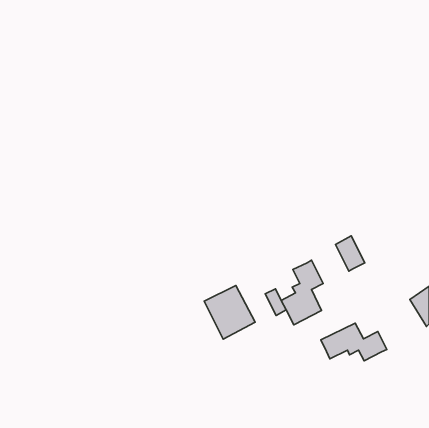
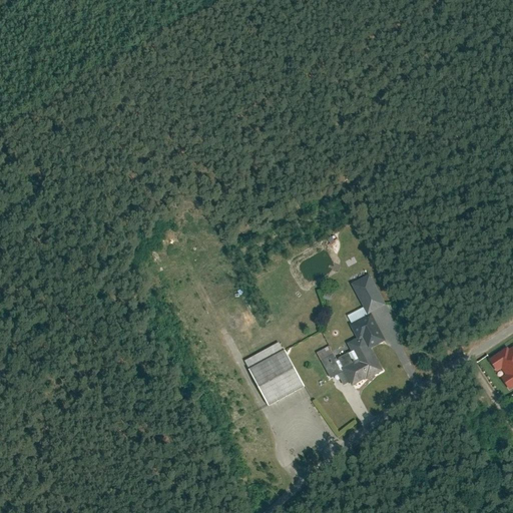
building: [335,236,365,271] -> [351,272,386,314]
building: [321,323,387,361] -> none

